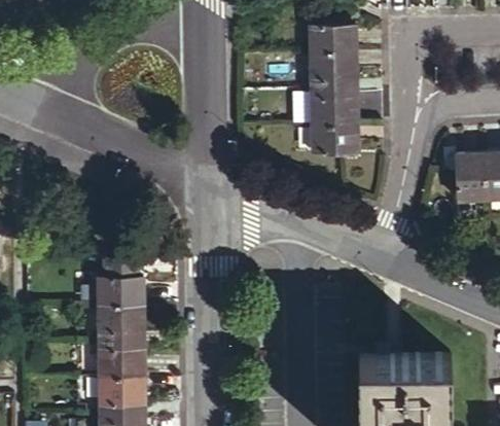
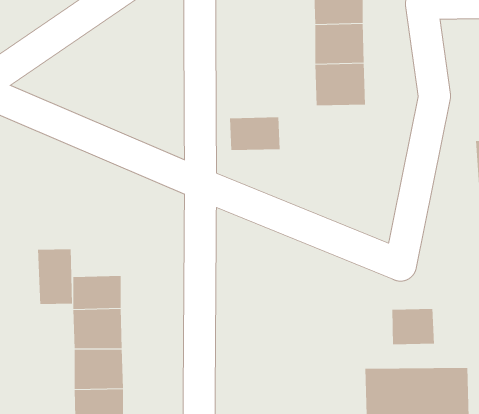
building: [313,125,358,154] -> [229,117,280,151]
building: none -> [38,249,73,305]
building: none -> [392,308,435,345]

